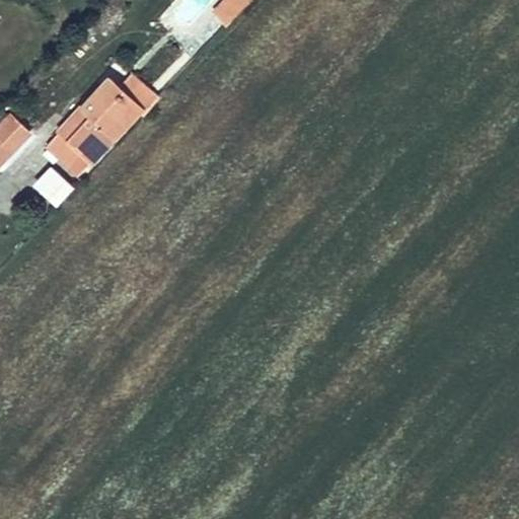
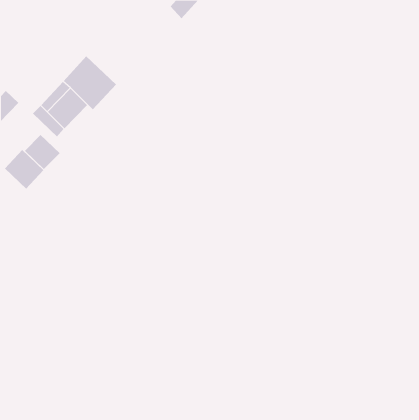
building: none -> [4,149,44,189]

